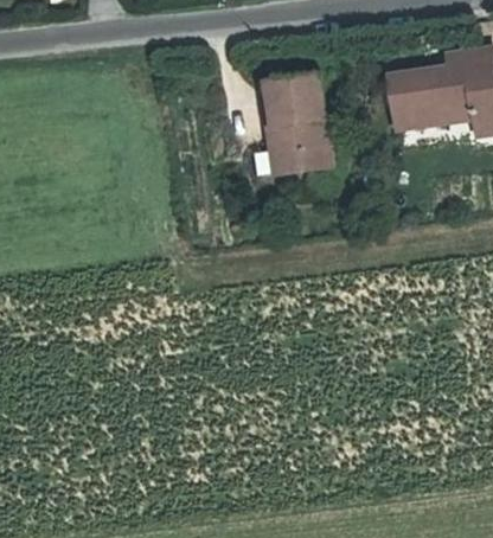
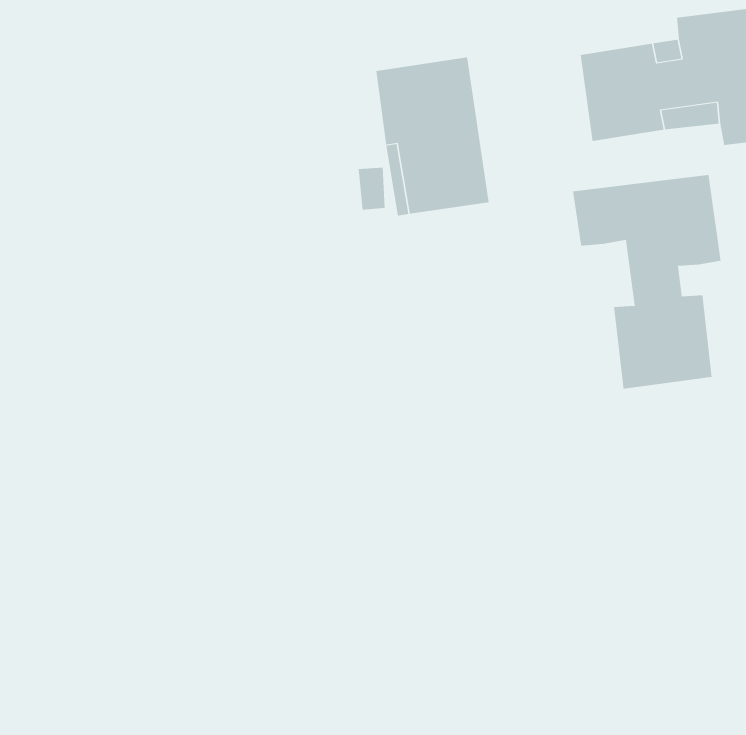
building: none -> [573,174,721,390]

